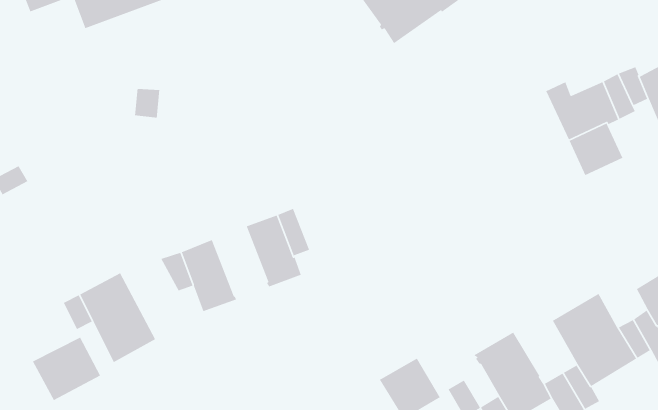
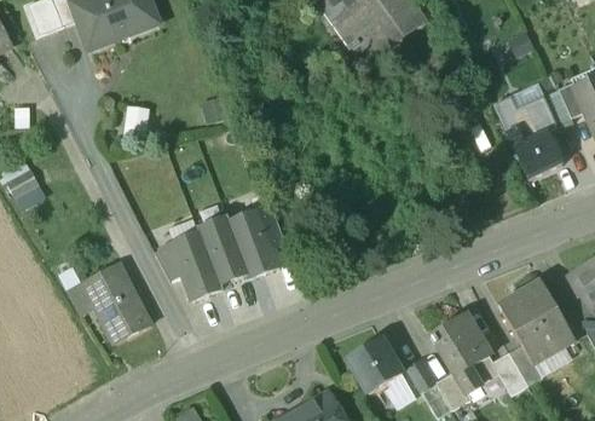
building: none -> [198,217,249,283]
building: [32,337,101,401] -> none

